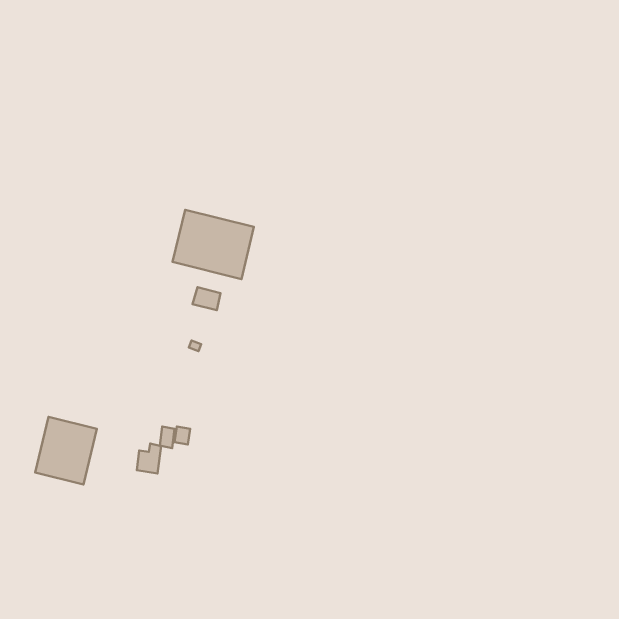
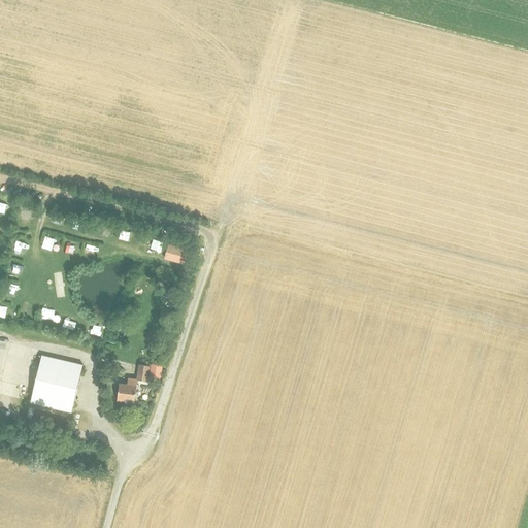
building: [173,210,254,279] -> none

